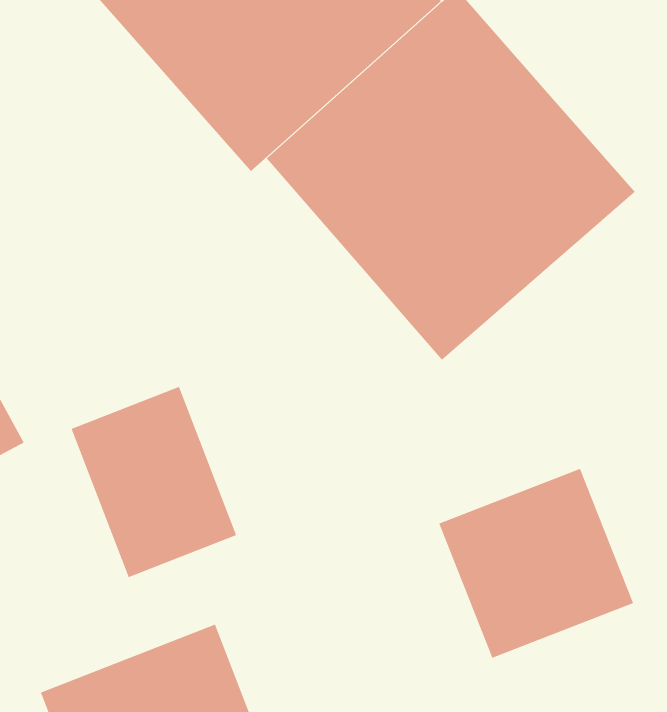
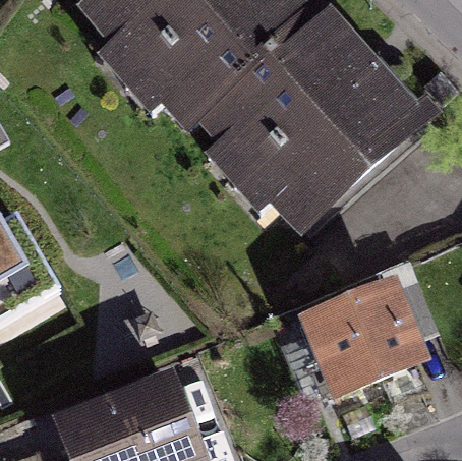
building: [70,386,237,578] -> none

